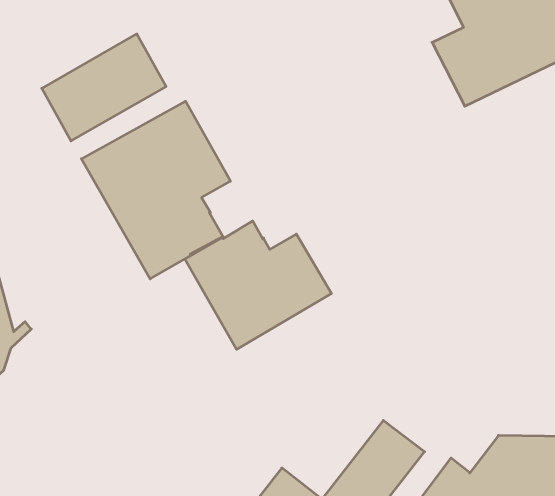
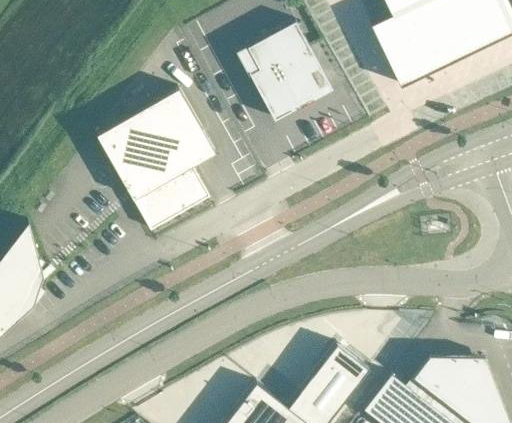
building: none -> [237,21,320,121]
building: [42,34,166,141] -> none
building: [185,221,331,349] -> none

